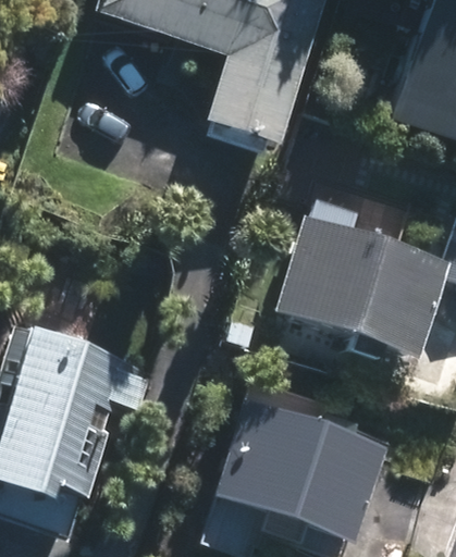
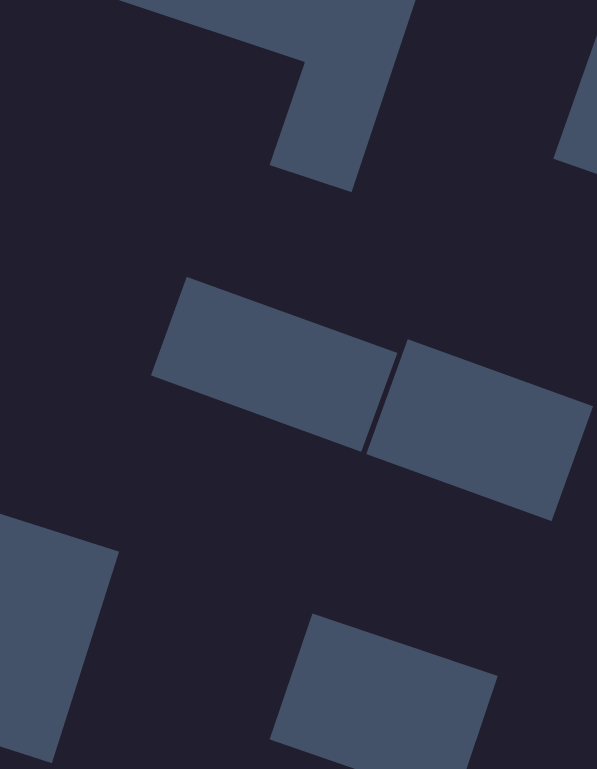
building: none -> [150,276,398,453]

